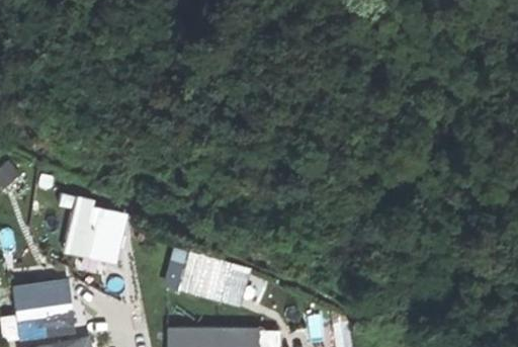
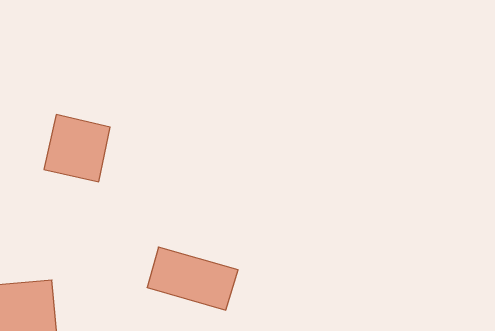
building: [63,198,127,264] -> [44,115,110,182]

